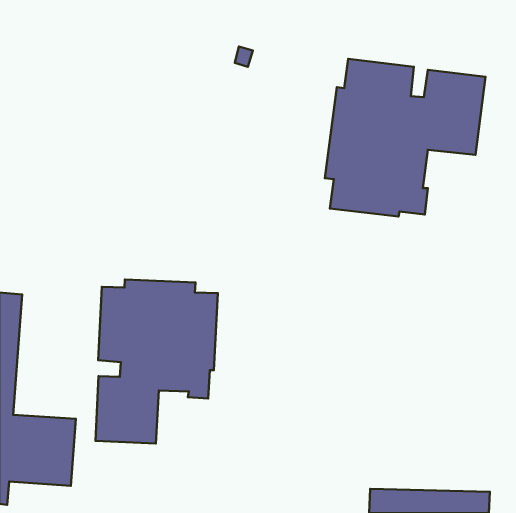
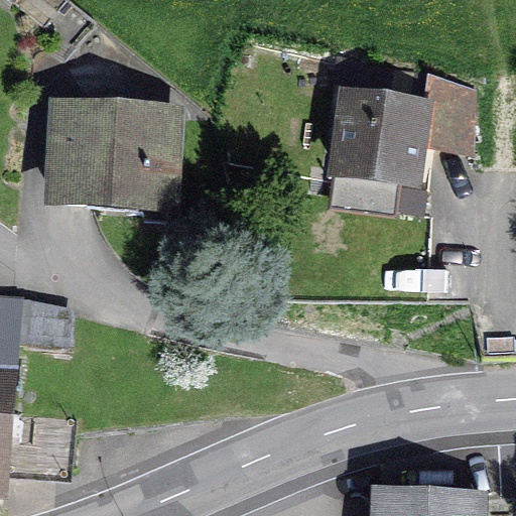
building: none -> [41,97,185,216]
building: [95,280,218,443] -> none

